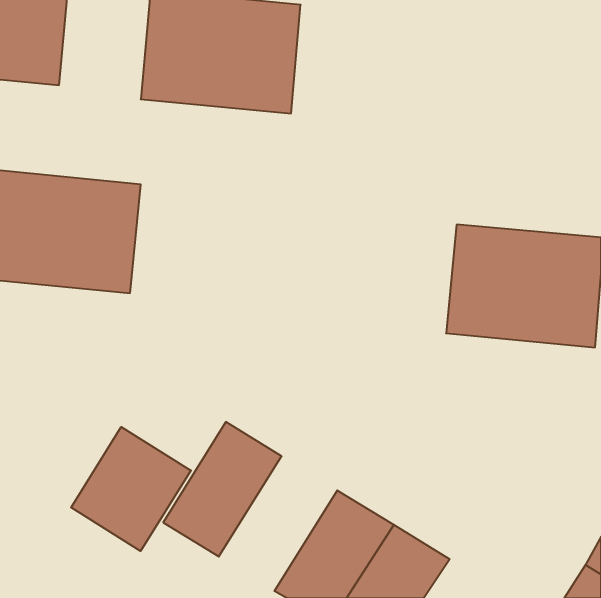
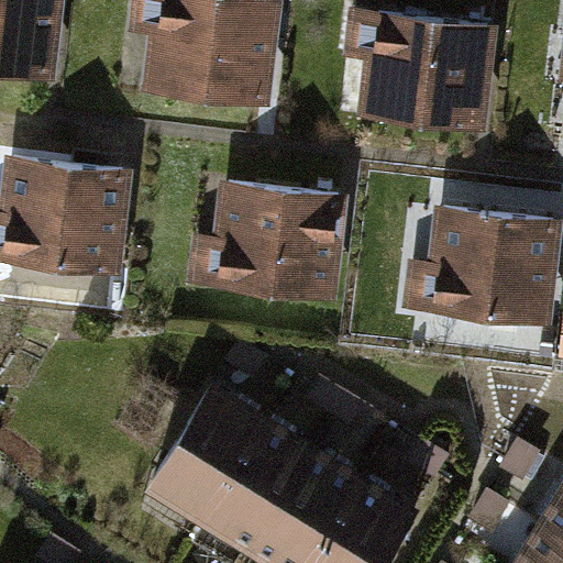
building: none -> [352,13,500,128]
building: none -> [196,185,344,299]
building: [71,427,191,551] -> none
building: none -> [203,424,313,550]

